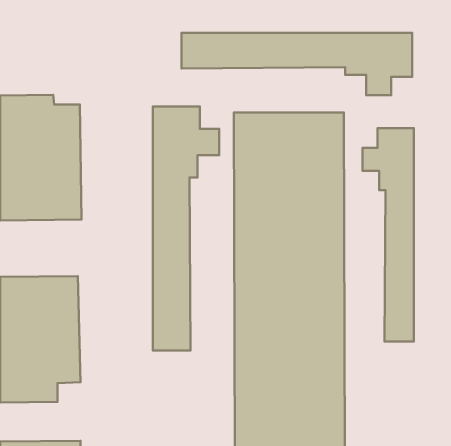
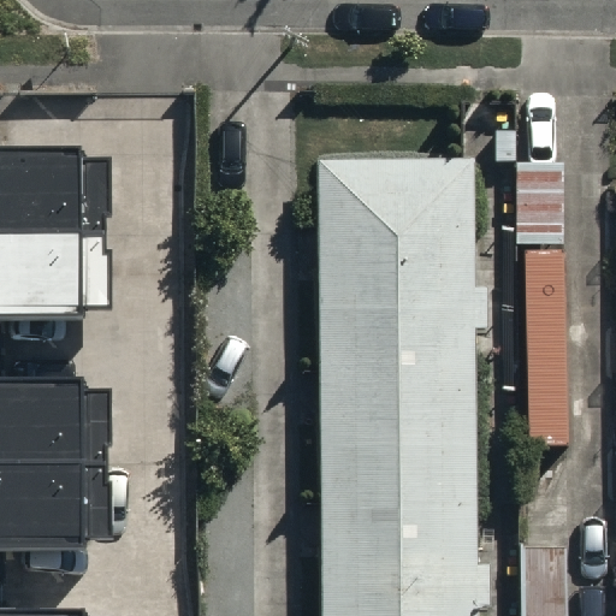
building: [181,33,412,95] -> none
building: [153,106,219,351] -> none

